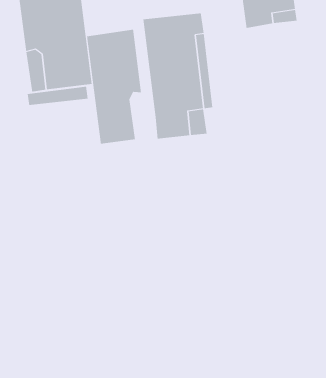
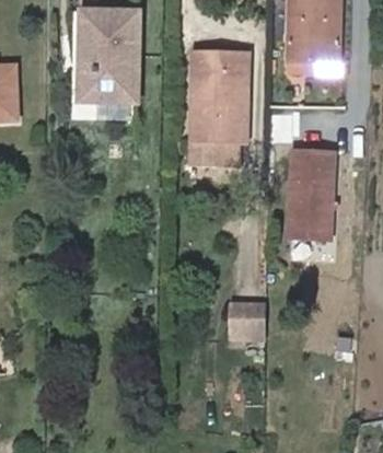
building: [86,29,142,144] -> none
building: none -> [288,152,334,236]
building: none -> [235,301,264,336]

